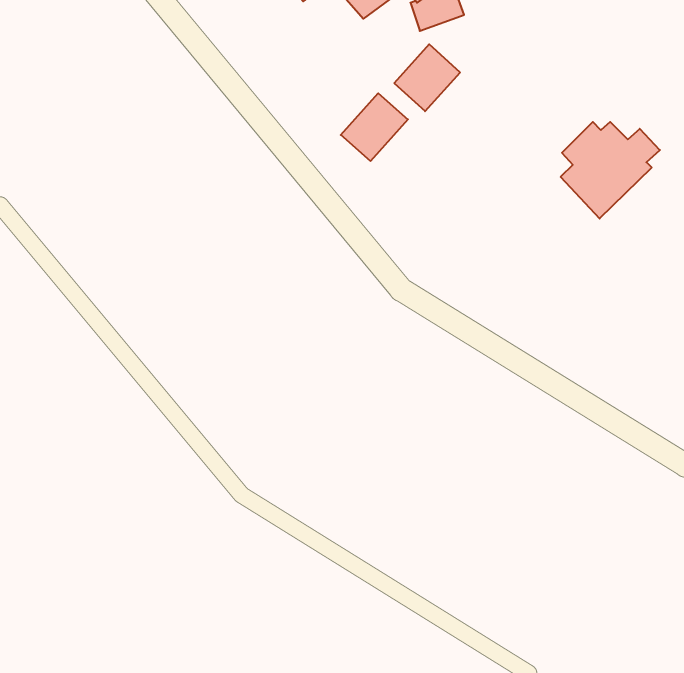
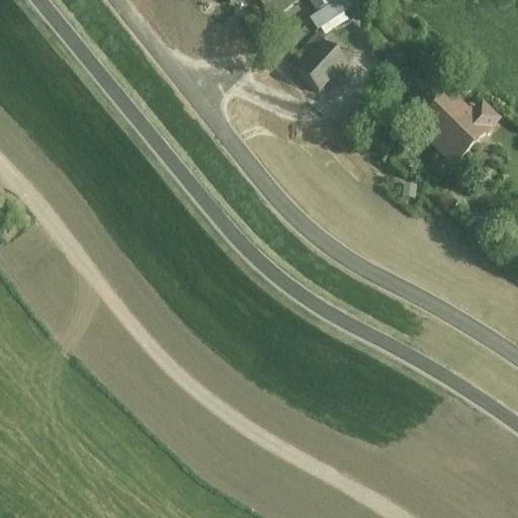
building: [341,93,408,161] -> none

